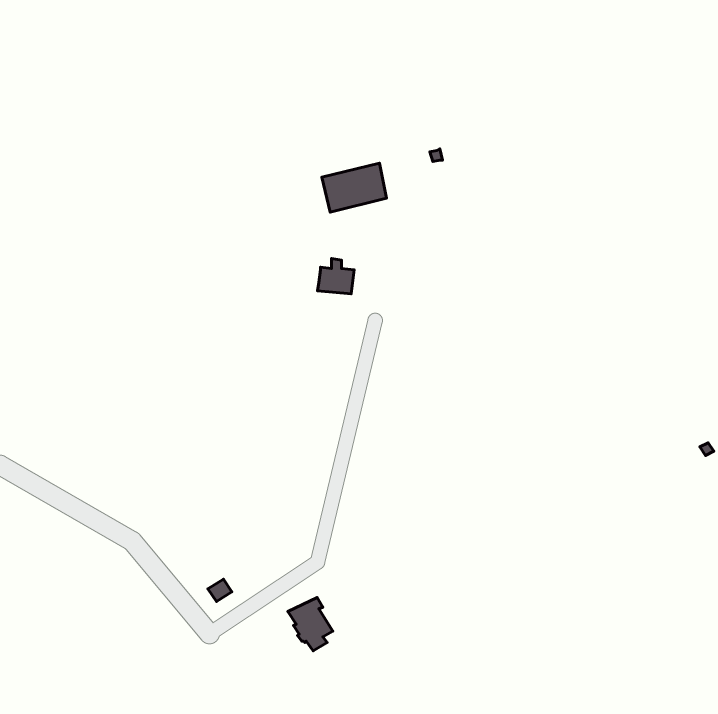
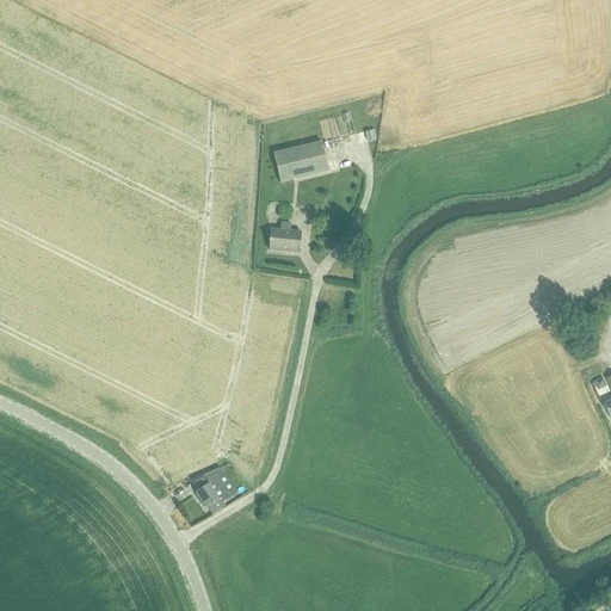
building: [288,597,333,651] -> [192,465,230,511]

